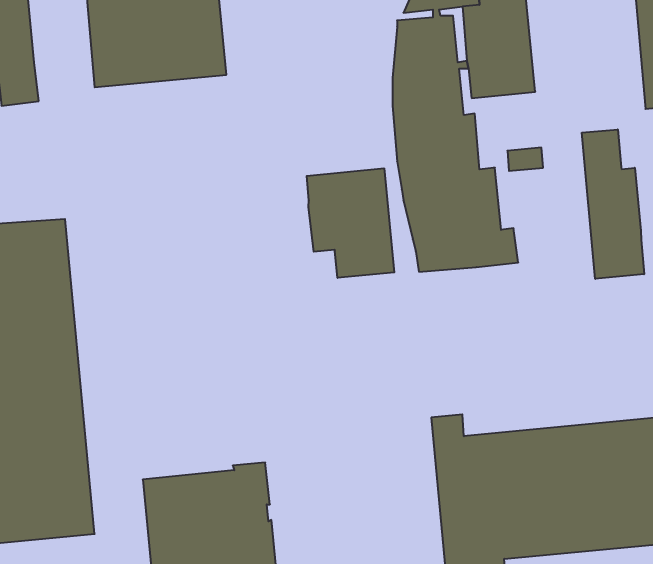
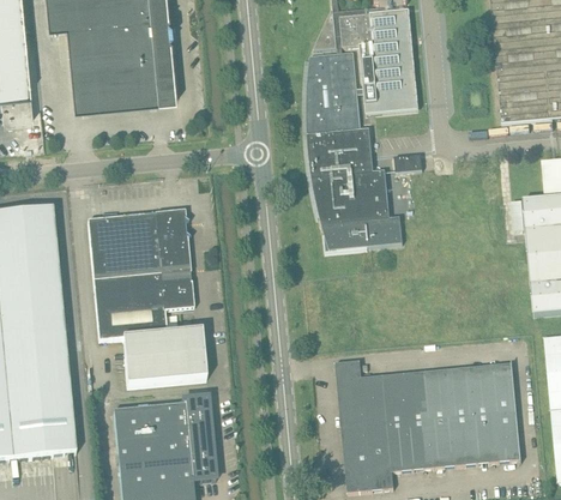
building: [582,129,644,279] -> none
building: [307,168,394,278] -> none
building: none -> [88,210,206,386]

